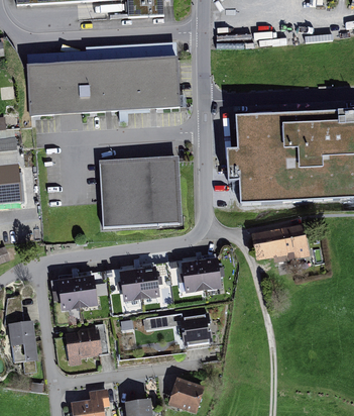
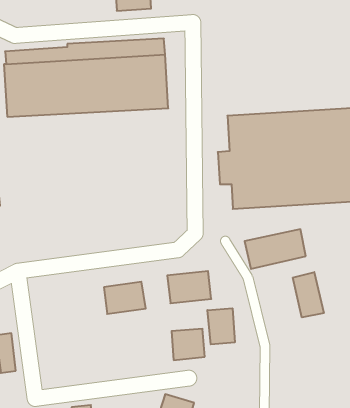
building: [102,160,184,227] -> none
building: none -> [293,272,324,317]
building: [60,281,97,309] -> none
building: none -> [207,308,235,344]
building: [70,328,106,357] -> none

